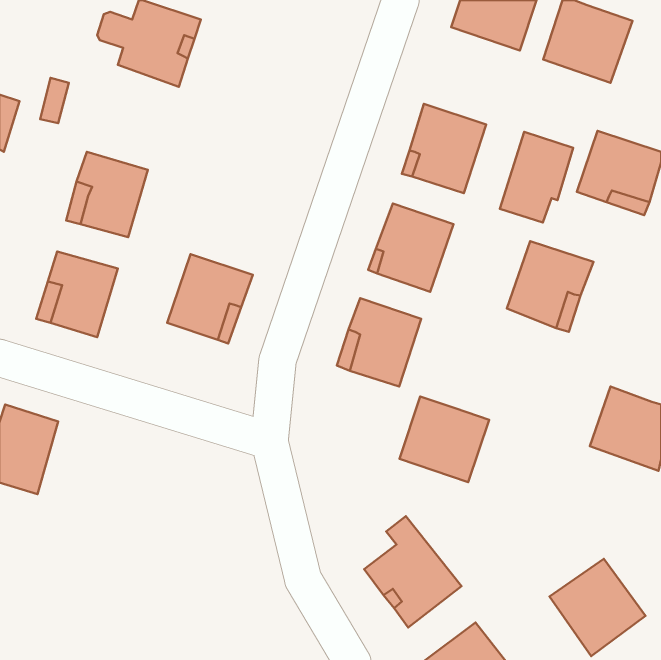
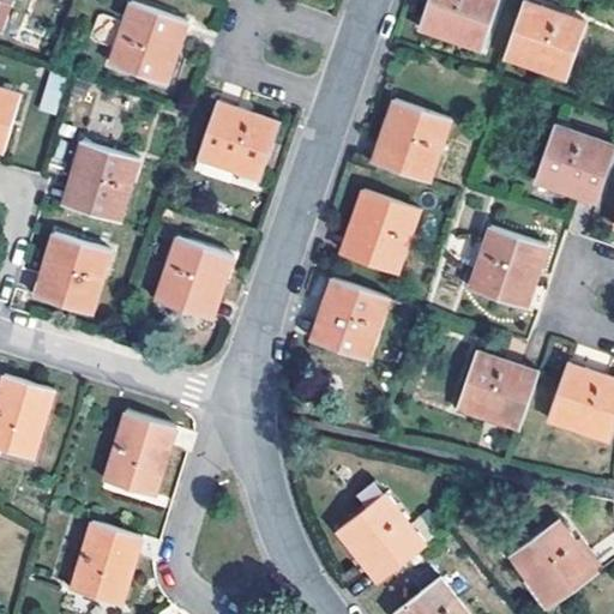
building: none -> [197,103,277,180]
building: [500,132,573,222] -> none
building: [400,397,489,482] -> [456,349,538,428]
building: none -> [104,414,176,498]
building: none -> [70,522,143,606]

